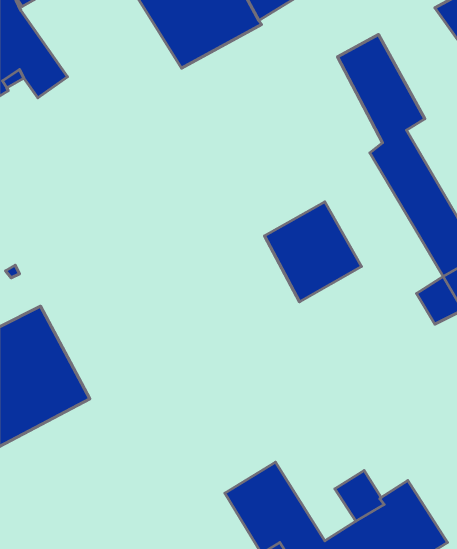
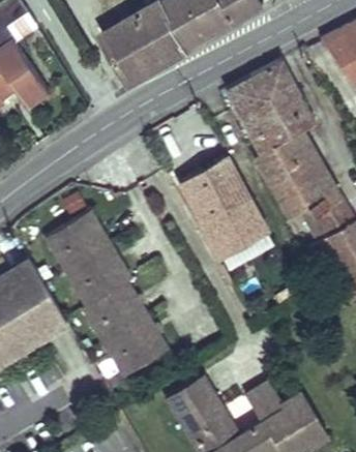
building: none -> [225,77,309,219]
building: none -> [181,158,240,208]
building: none -> [46,211,168,375]

